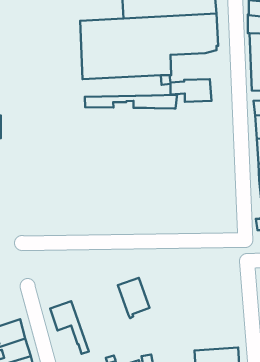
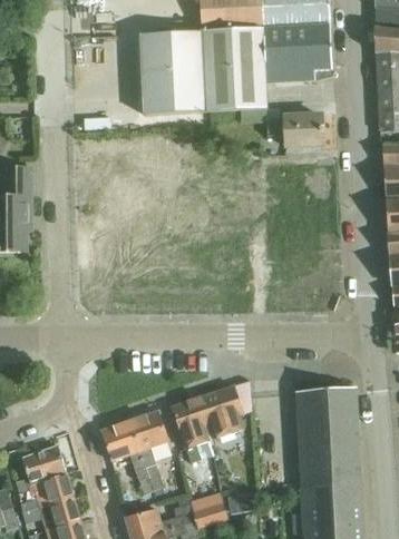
building: [85,94,177,109] -> none
building: none -> [223,378,253,429]
building: none -> [294,388,360,488]
building: none -> [171,398,208,461]
building: none -> [129,410,168,489]

